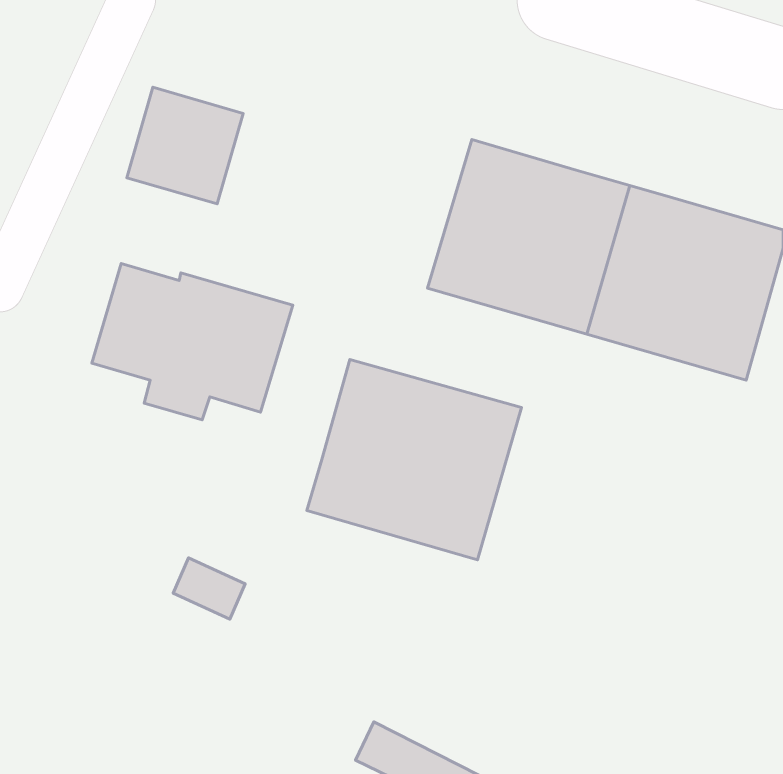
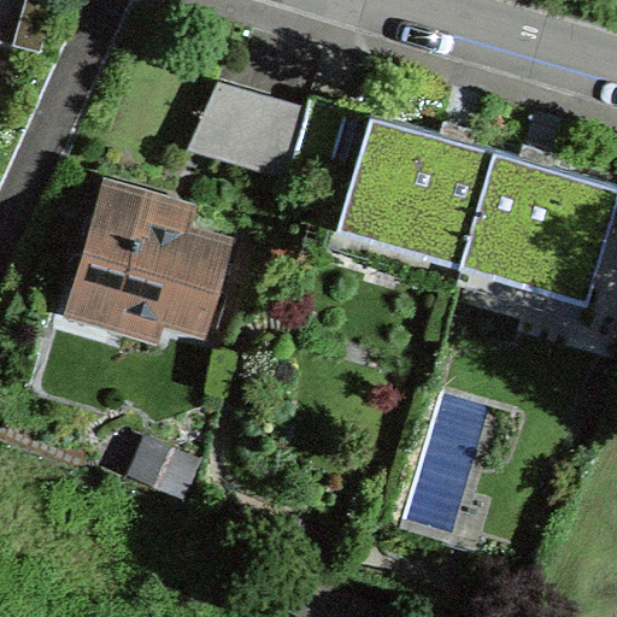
building: [127,87,243,204] -> [216,90,307,182]
building: [307,359,521,560] -> none

